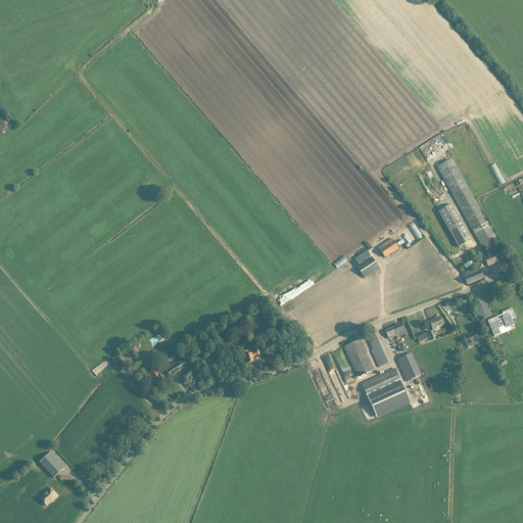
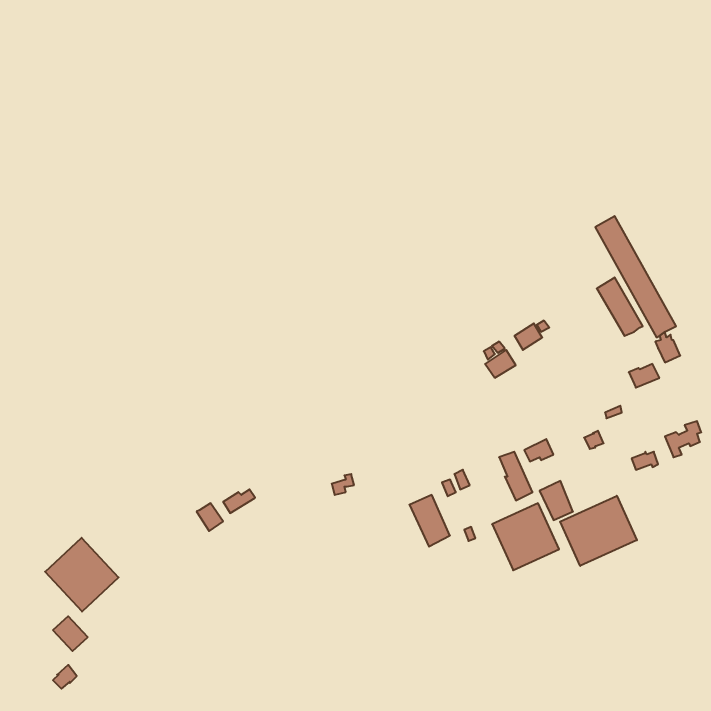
building: [342,339,372,377] -> [409,495,450,547]
building: none -> [560,496,637,566]
building: none -> [45,538,119,612]

